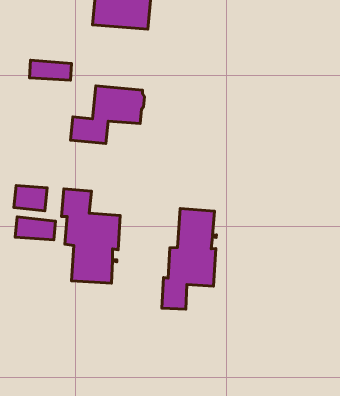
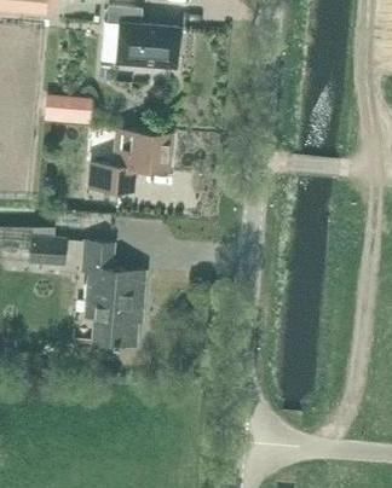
building: [162,209,217,309] -> none
building: [15,217,56,240] -> none

